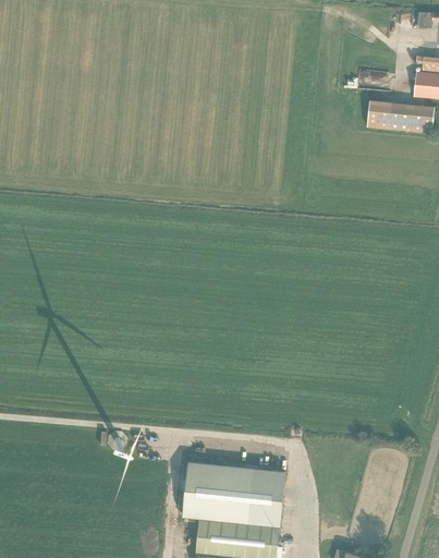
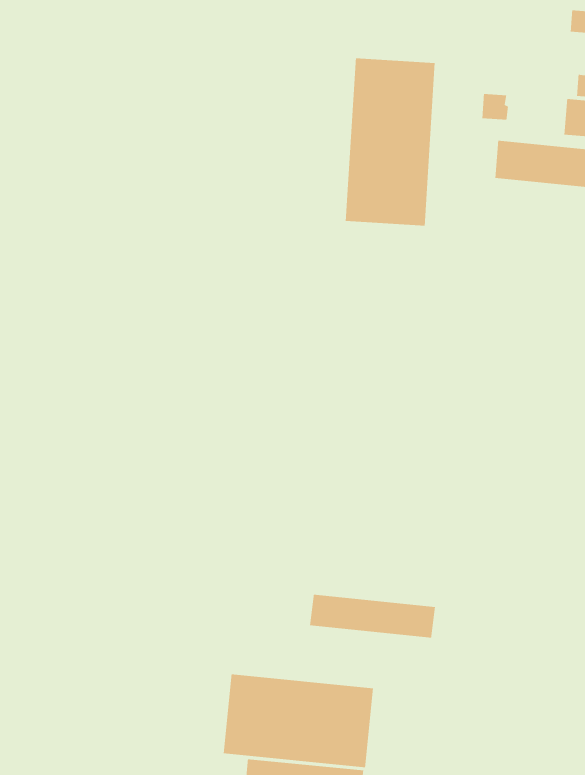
building: none -> [345,57,436,227]
building: none -> [309,594,436,638]

